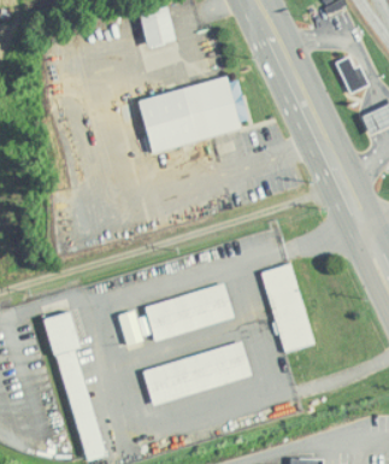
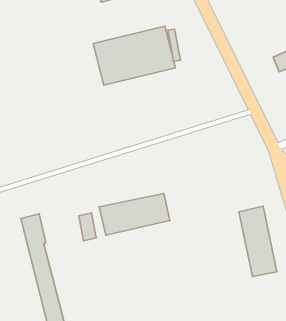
building: [335,55,369,93] -> none
building: [264,263,311,351] -> [239,206,277,277]
building: [142,342,251,403] -> none

